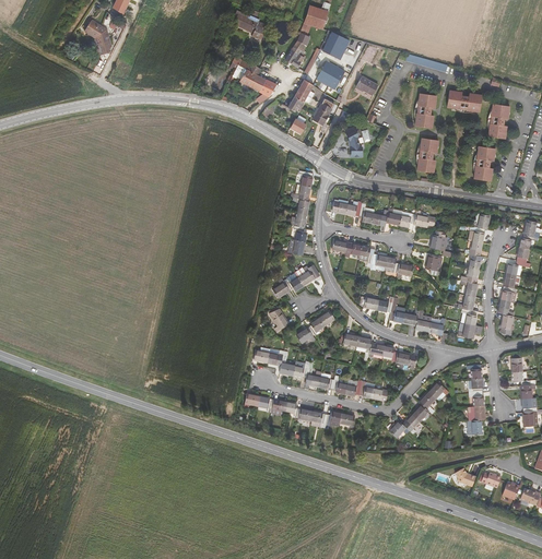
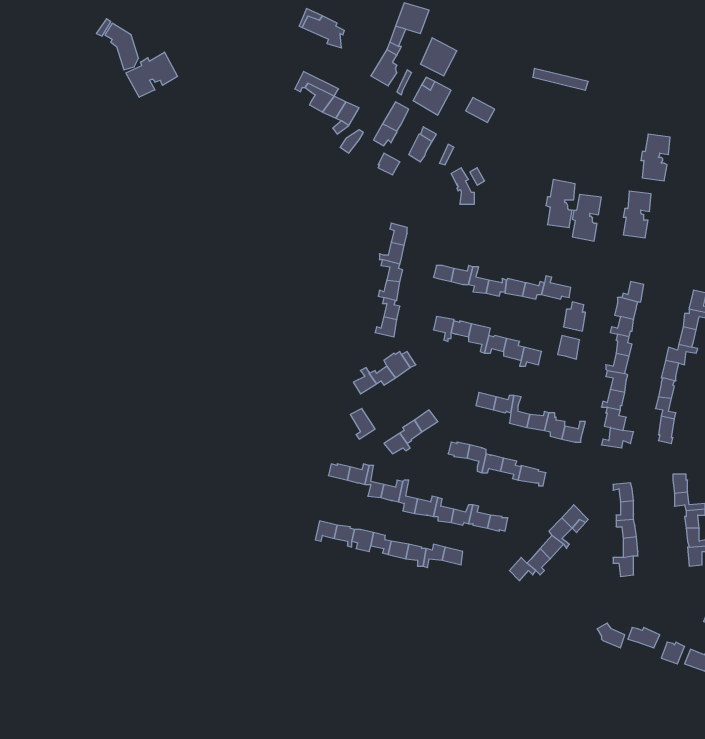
building: none -> [126,52,178,97]
building: [447,90,482,111] -> none
building: [415,93,437,128] -> [572,194,601,241]

